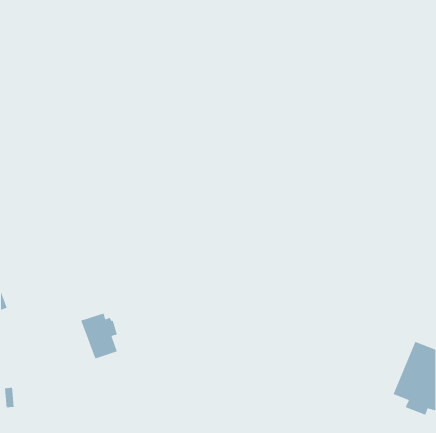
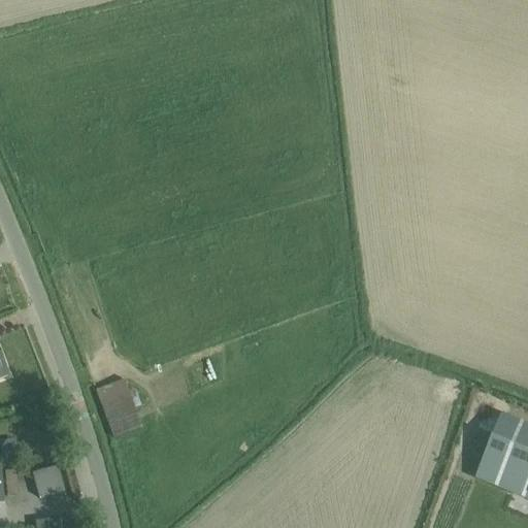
building: none -> [32,464,64,495]

